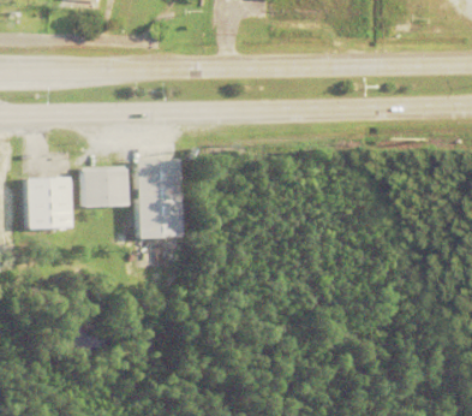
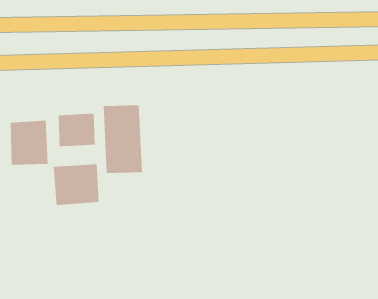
building: none -> [53,164,99,206]

